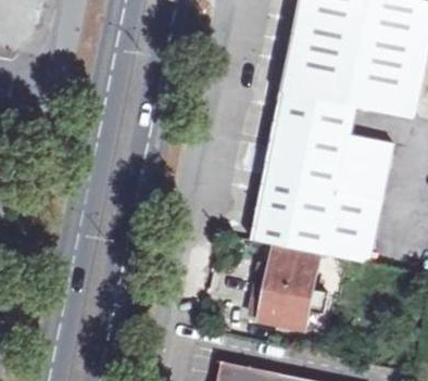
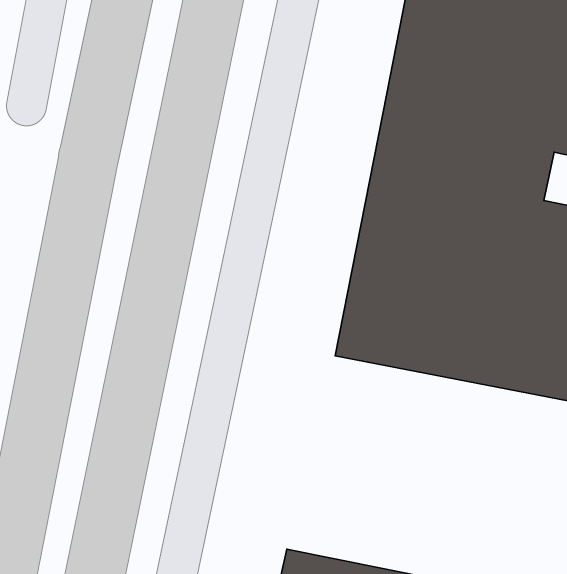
building: [261,247,328,327] -> none

